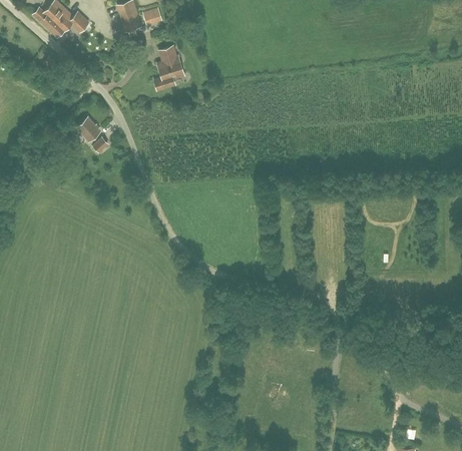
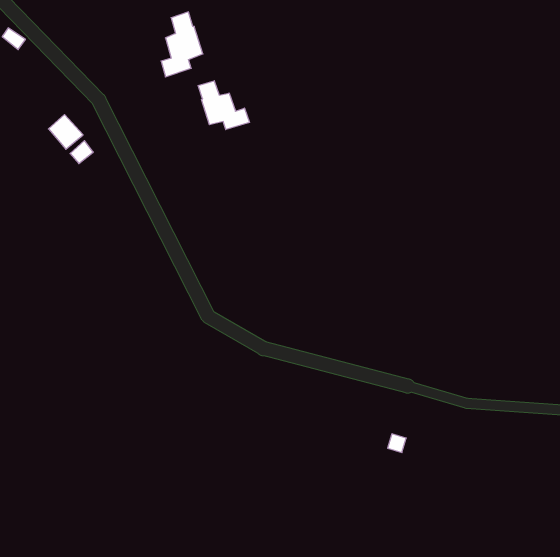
building: none -> [198,81,250,130]

